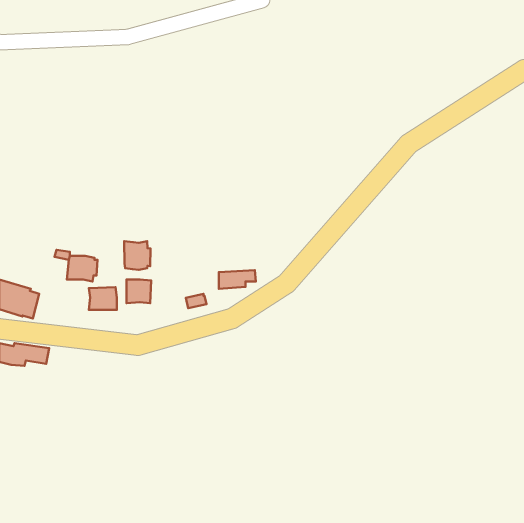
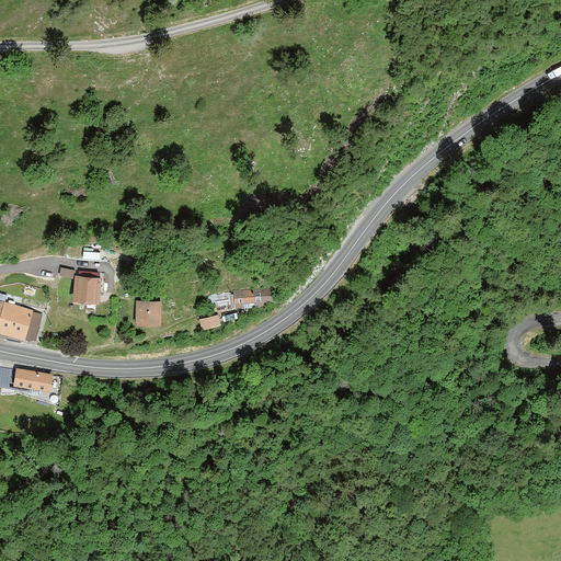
building: [124,241,150,270] -> none
building: [89,287,117,310] -> none

